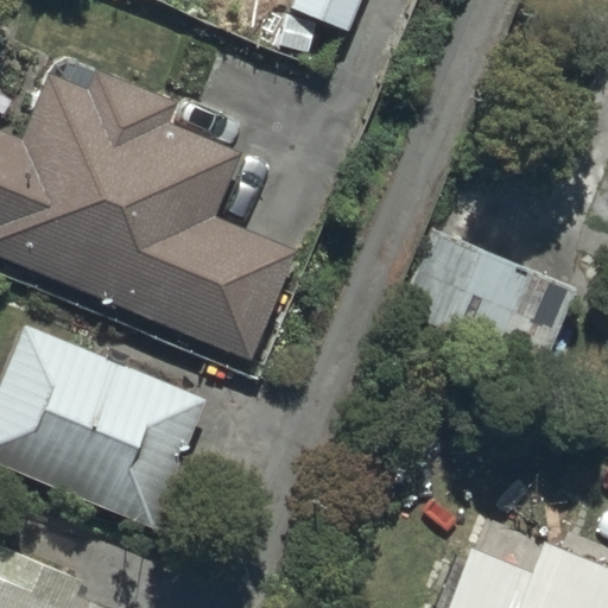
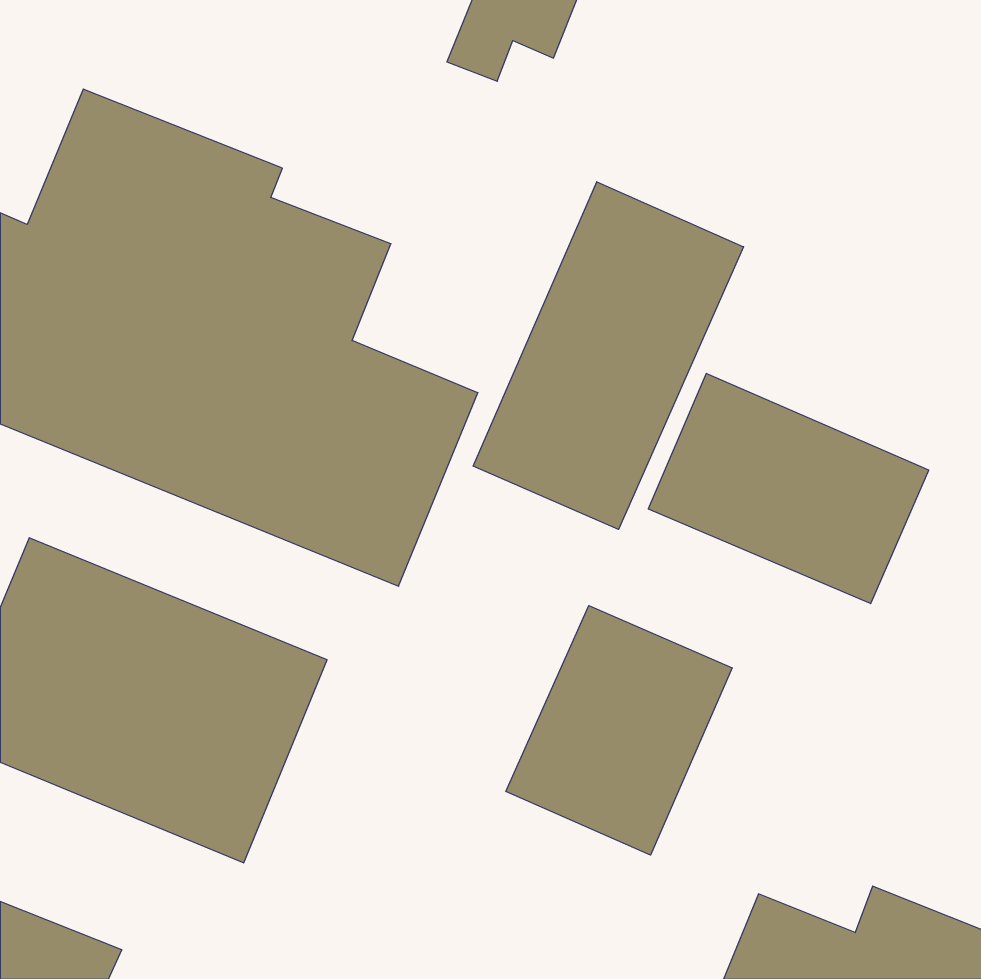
building: none -> [473,182,744,529]
building: none -> [506,606,732,855]

